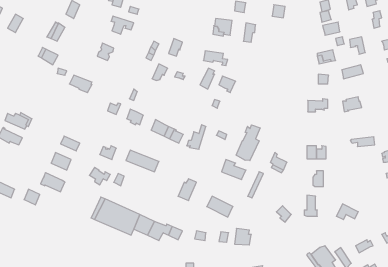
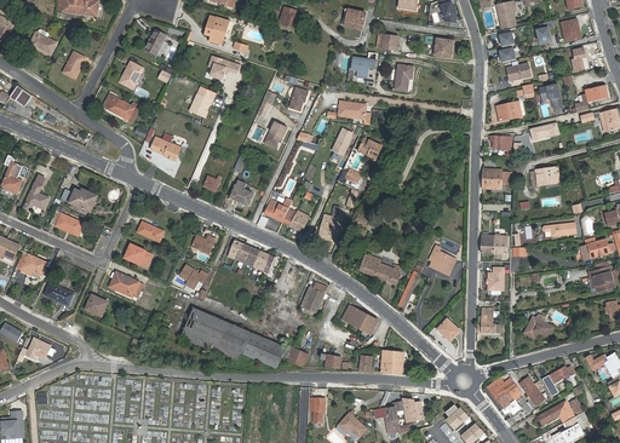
building: [236,125,260,161] -> none

